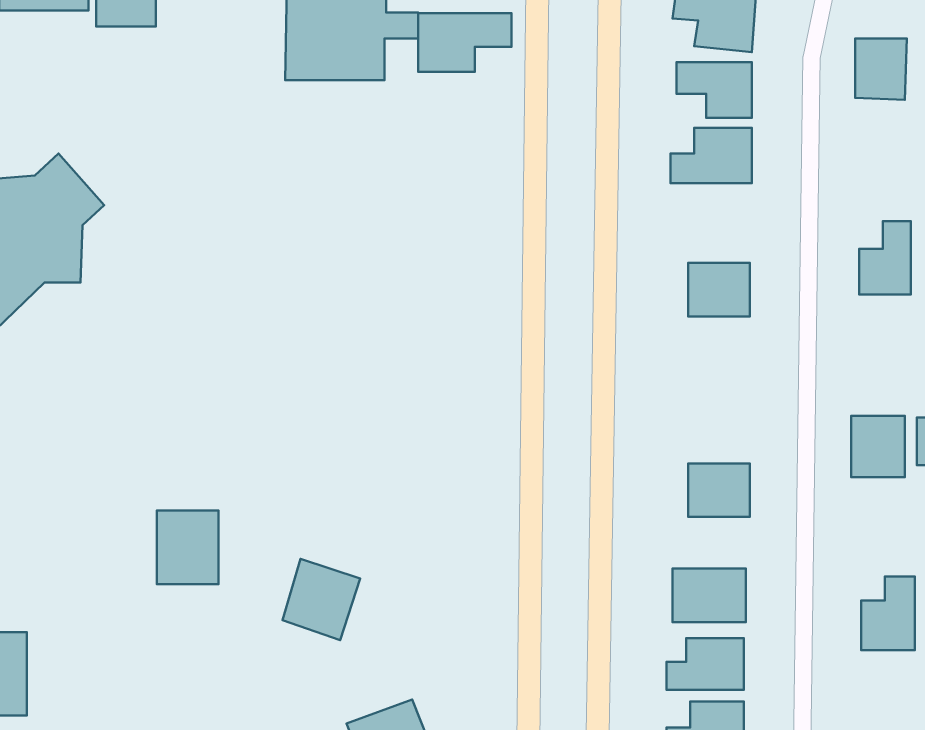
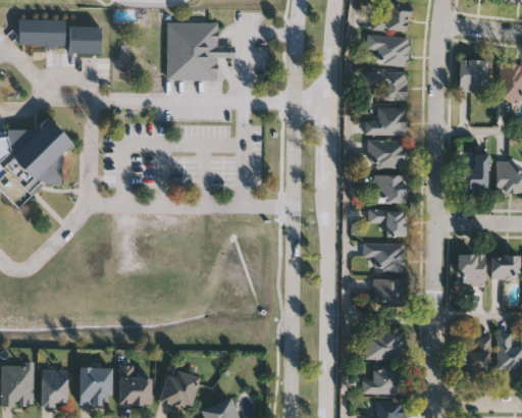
building: [418,13,512,72] -> none
building: none -> [368,139,406,168]
building: none -> [368,209,406,236]
building: none -> [363,243,405,270]
building: [157,511,218,584] -> [81,368,112,406]
building: [283,559,360,640] -> [161,368,201,410]
building: none -> [42,370,69,407]
building: none -> [120,376,153,406]

